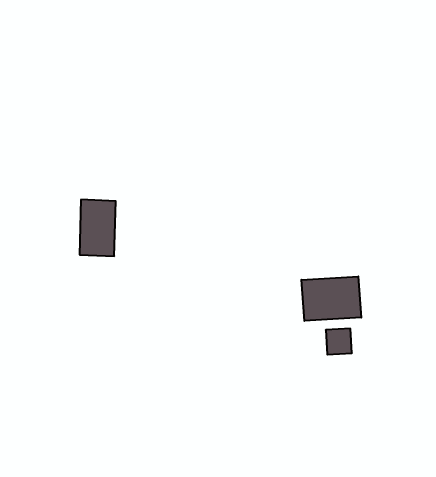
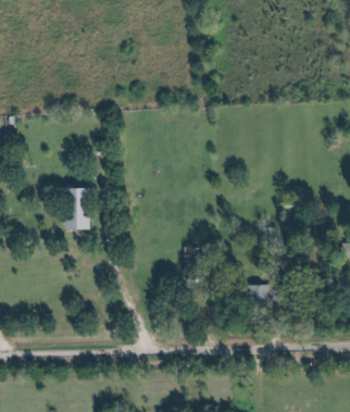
building: [301,276,361,321] -> none

